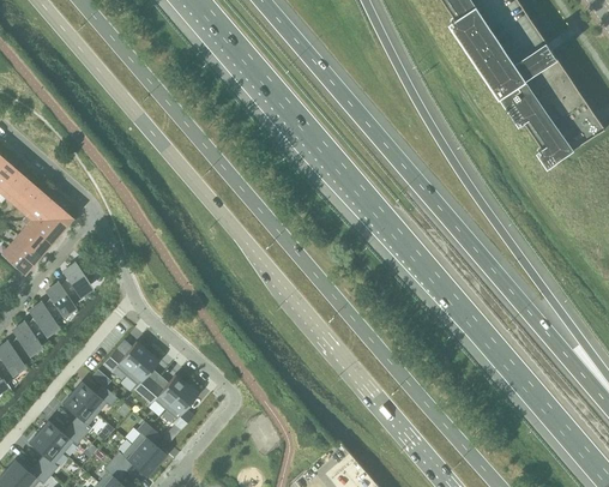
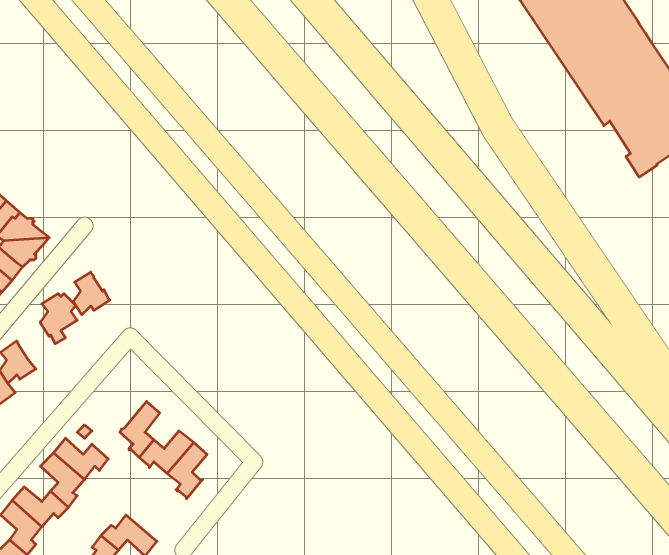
building: [44,283,74,318] -> [73,272,110,315]
building: [102,342,147,377] -> none
building: [131,421,165,465] -> none

